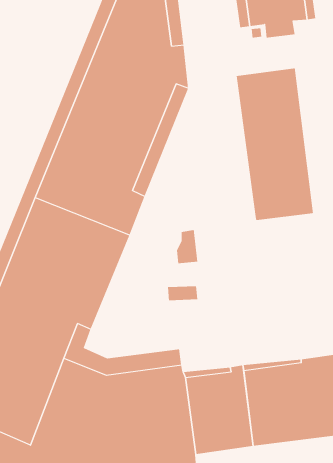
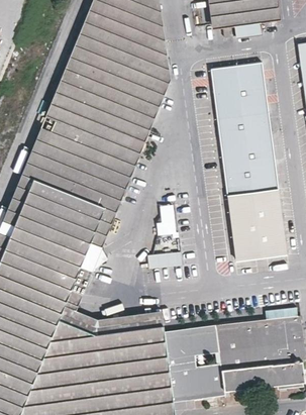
building: none -> [228,191,286,263]

